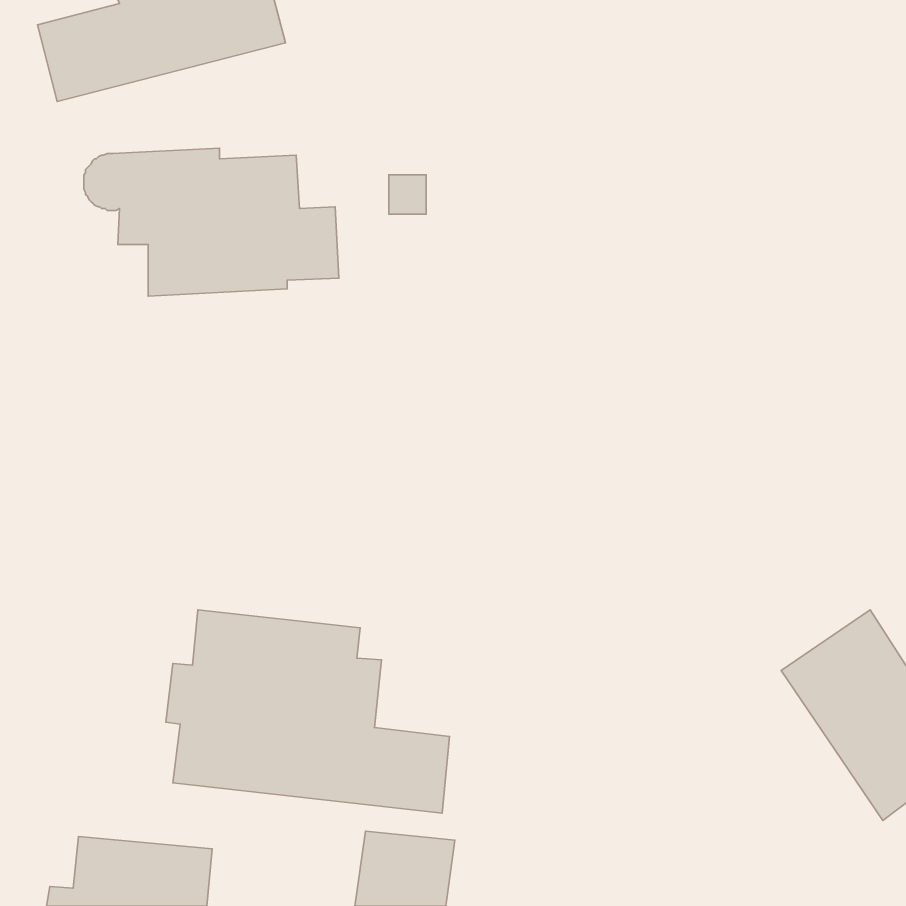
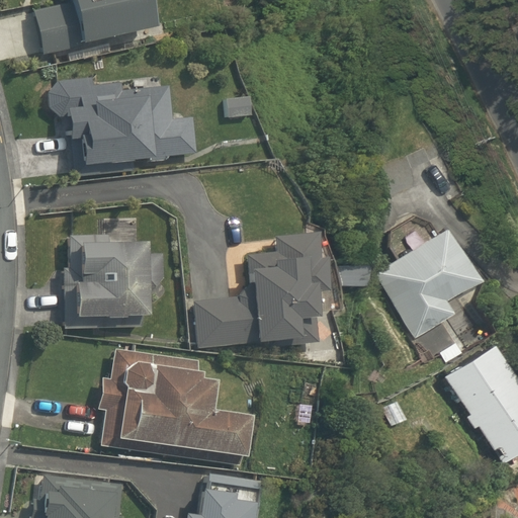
building: none -> [371,229,480,343]
building: none -> [192,231,332,353]
building: none -> [63,233,152,332]

